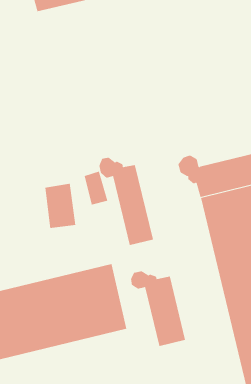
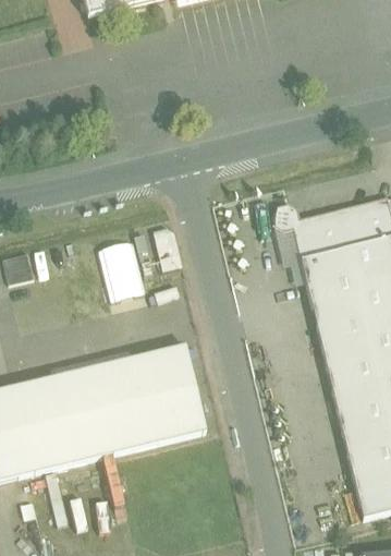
building: [99,157,154,246] -> none
building: [131,271,186,347] -> none

